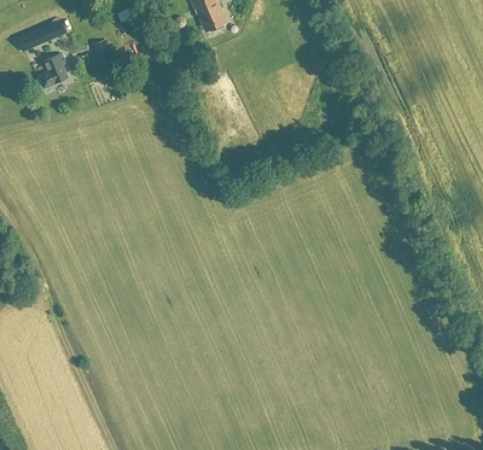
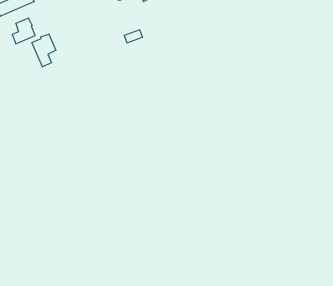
building: none -> [32,34,56,67]

